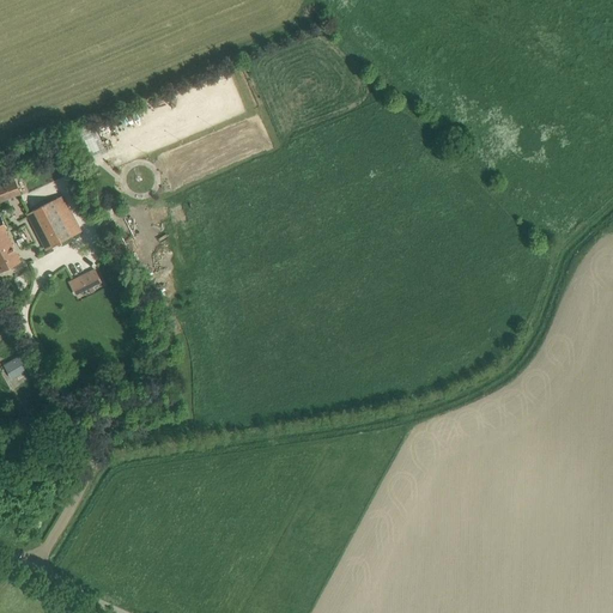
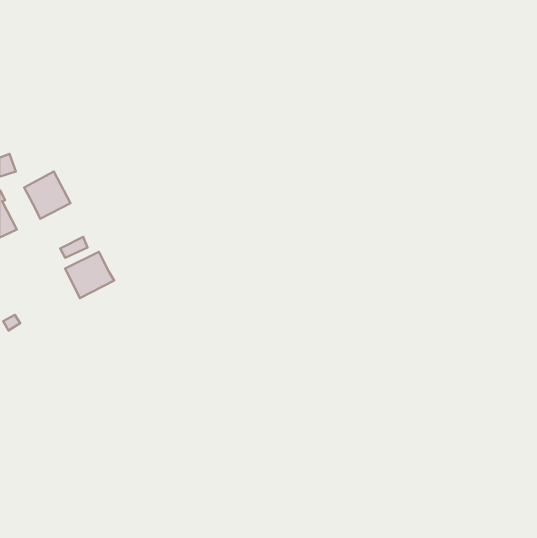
building: none -> [65,252,114,298]

